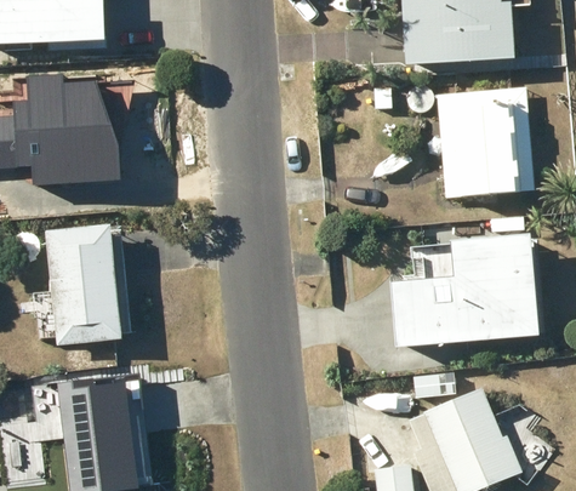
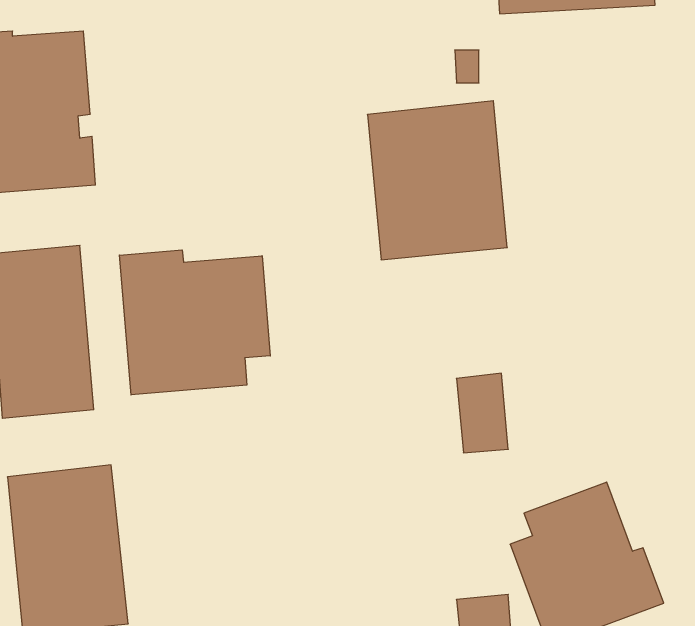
building: [439,85,537,196] -> [367,101,507,260]
building: none -> [119,250,270,395]
building: [409,242,527,338] -> none

